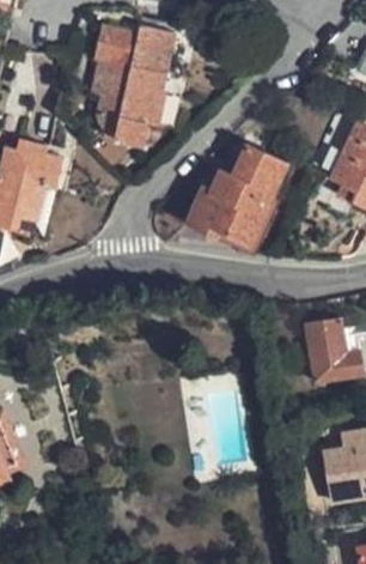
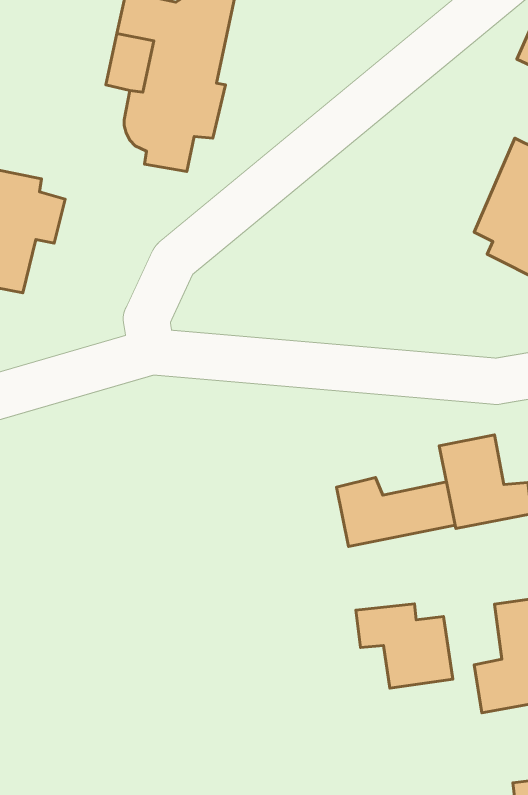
building: [187,144,283,239] -> none
building: none -> [336,477,455,546]
building: none -> [356,604,453,688]

